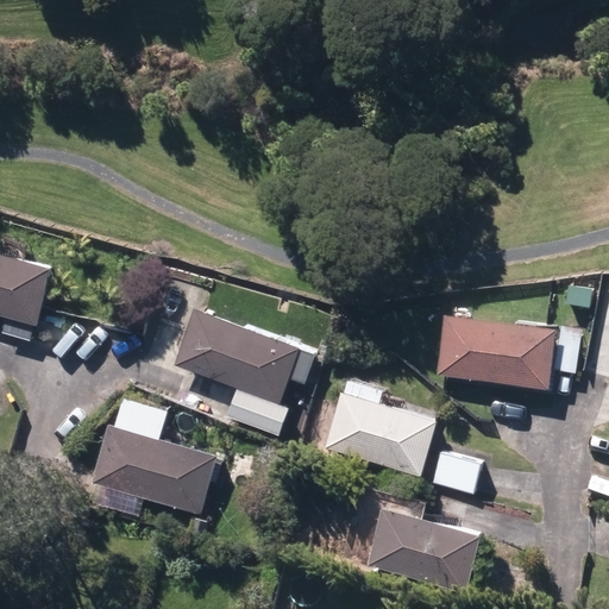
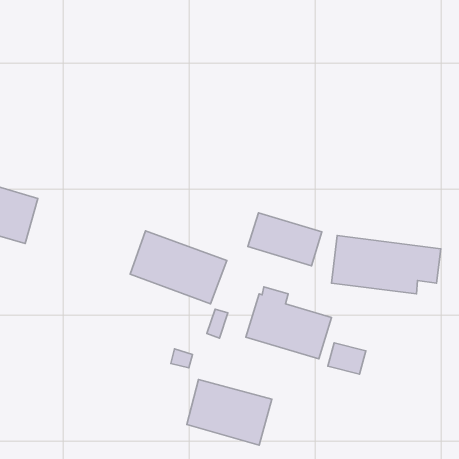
building: none -> [248,213,322,266]
building: [90,425,215,514] -> none
building: [368,506,479,592] -> [187,379,272,445]

